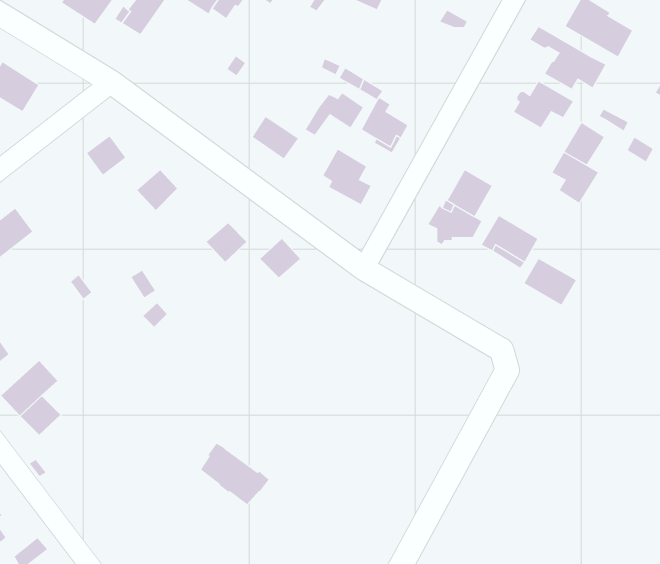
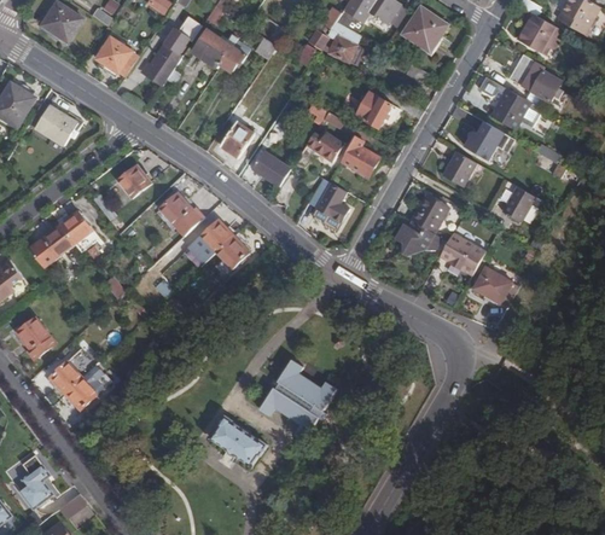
building: none -> [355,91,399,132]
building: none -> [220,121,254,156]
building: [564,122,605,165] -> [442,150,476,185]
building: none -> [58,211,97,252]
building: [260,238,301,278] -> [198,220,232,252]
building: none -> [256,360,337,441]

